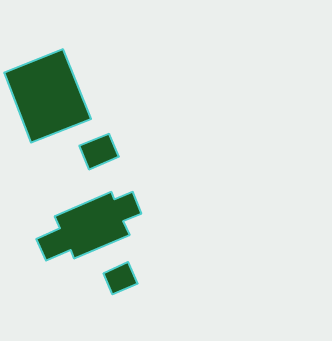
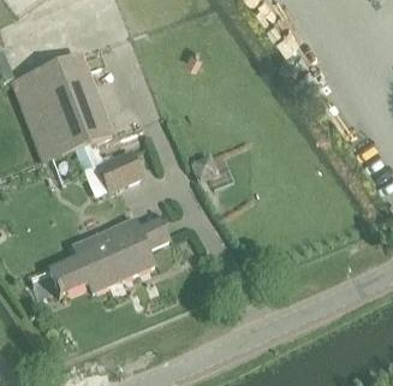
building: [104,262,138,294] -> none

